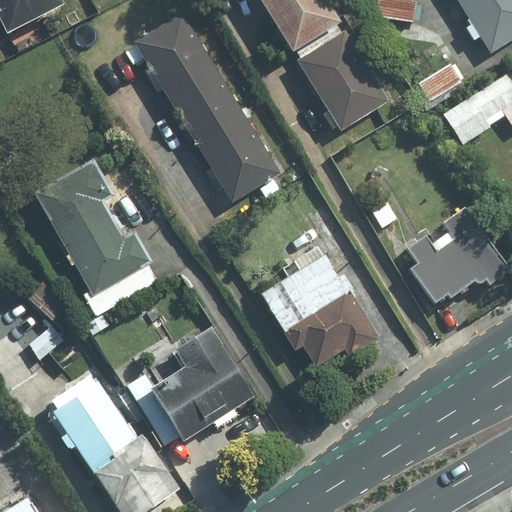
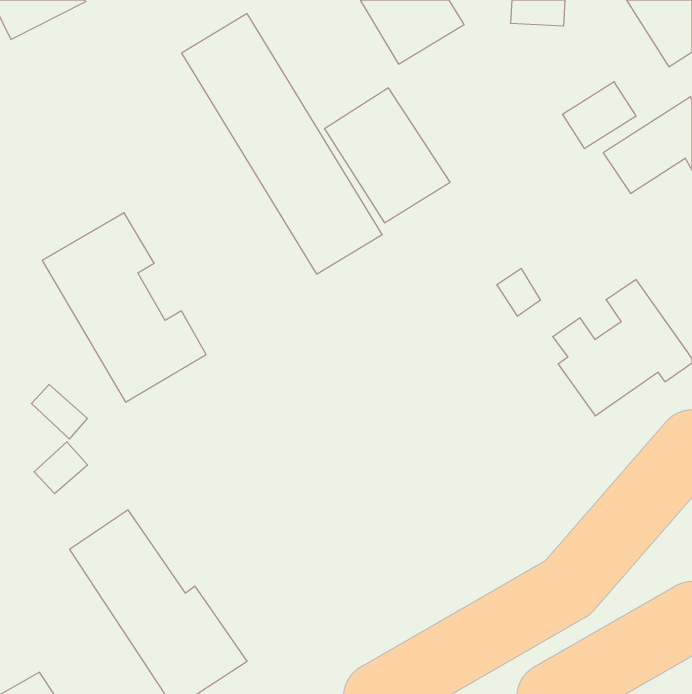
building: [297,30,389,129] -> [324,88,450,223]
building: [260,255,376,365] -> none
building: [150,325,257,440] -> none

